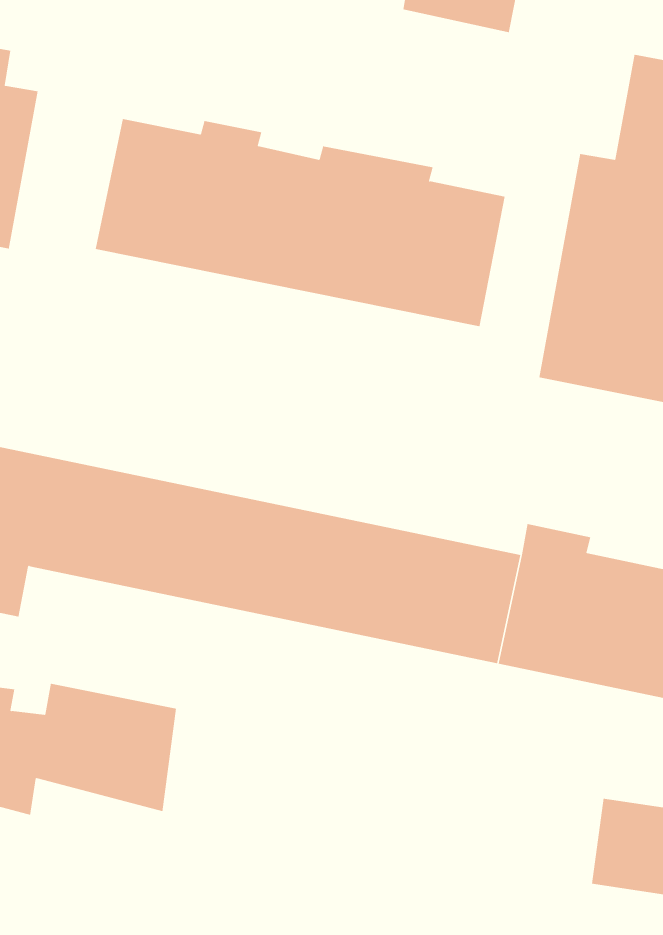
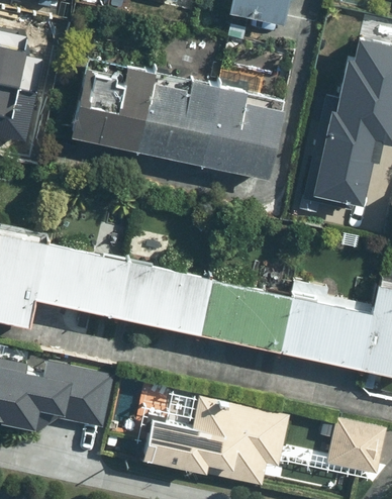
building: none -> [136,387,290,486]

